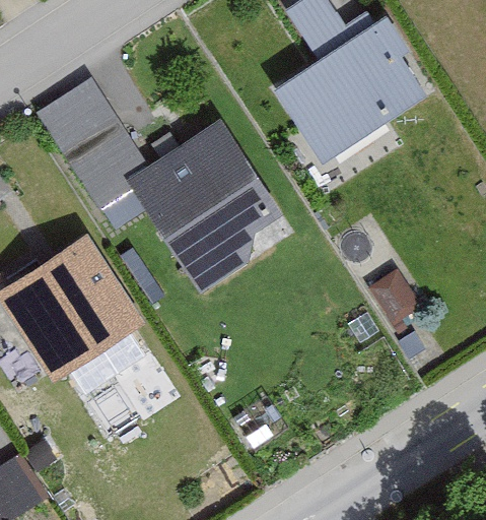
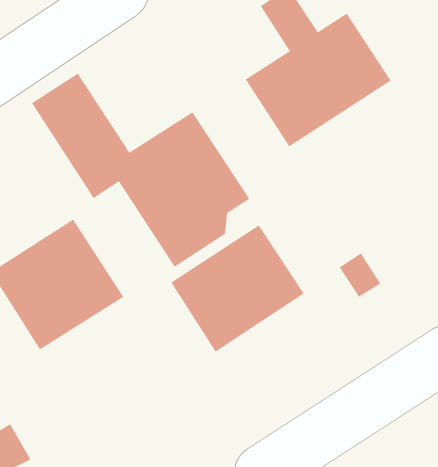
building: none -> [171,224,304,352]

